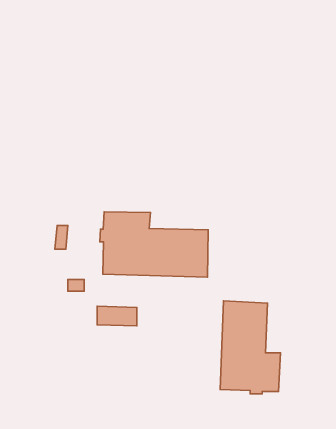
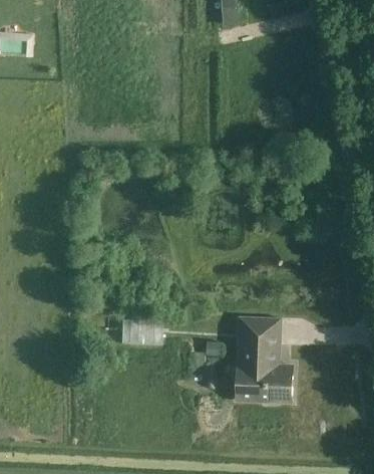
building: [100,212,208,277] -> none

